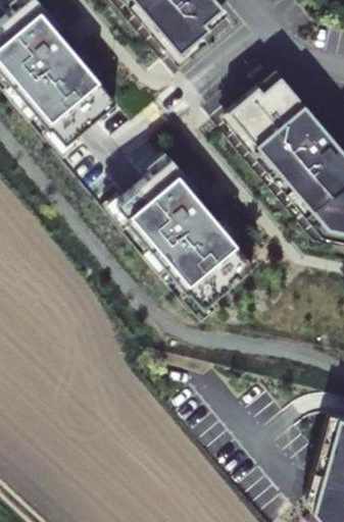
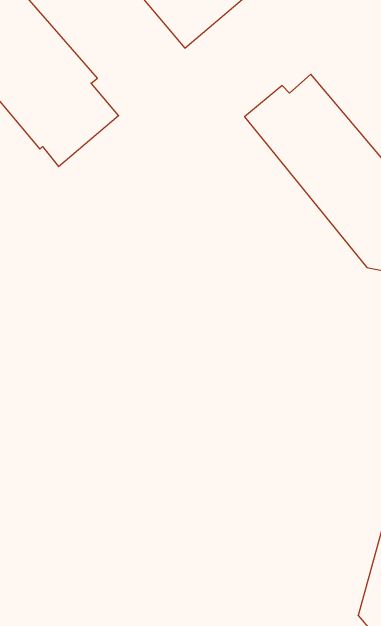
building: [117,156,253,305] -> none

